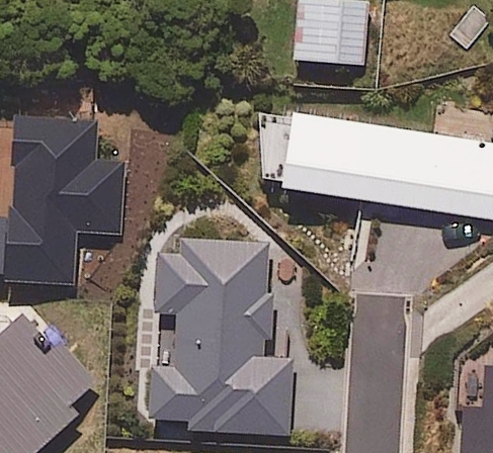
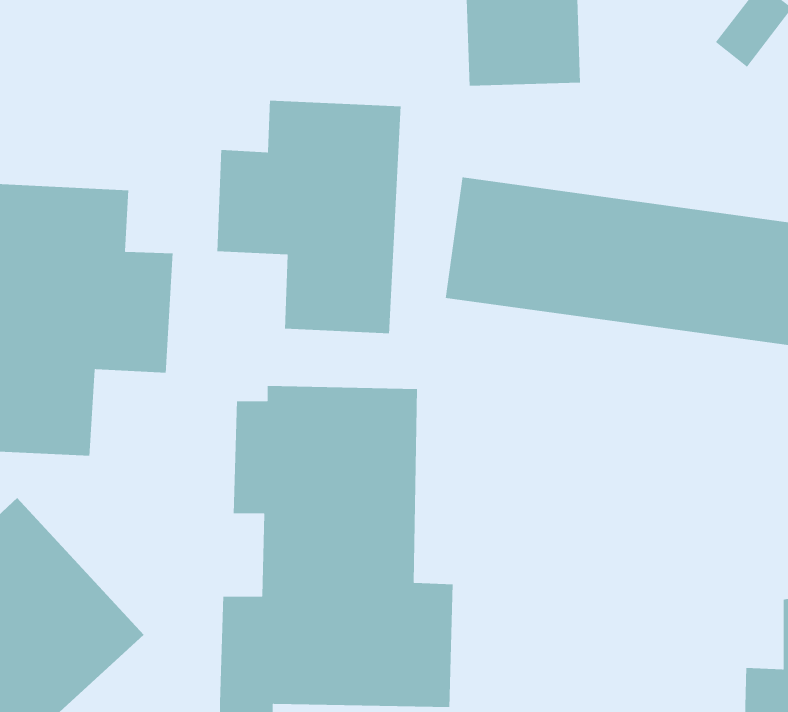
building: none -> [216,100,402,334]

